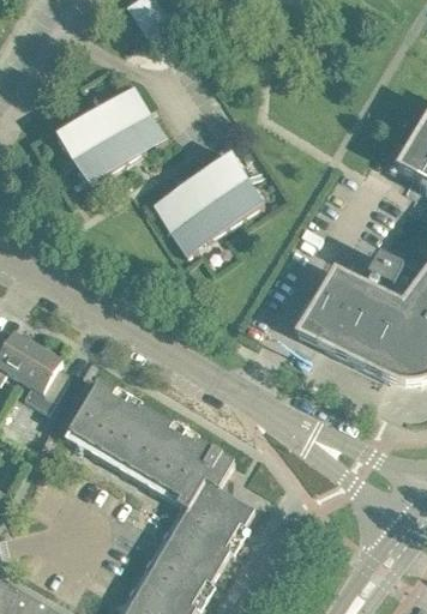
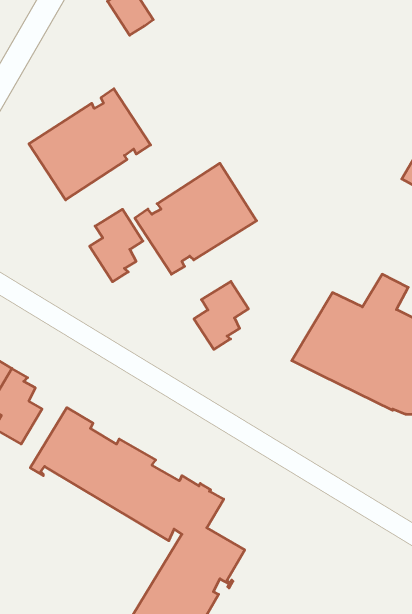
building: none -> [90,209,143,282]
building: none -> [194,281,248,349]

